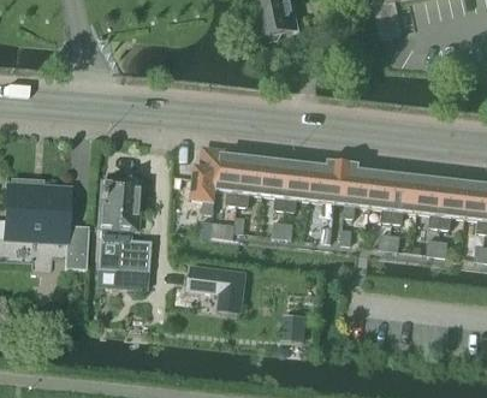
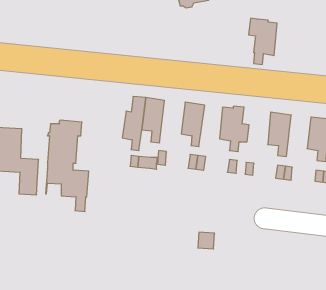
building: [237,153,268,206] -> none
building: [285,159,314,210] -> none
building: [338,161,373,218] -> [249,18,277,64]
building: [392,171,422,222] -> none
building: [190,265,245,310] -> none

